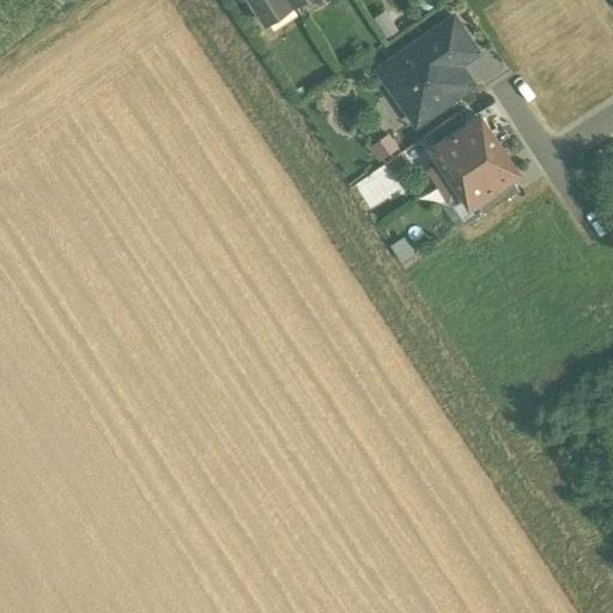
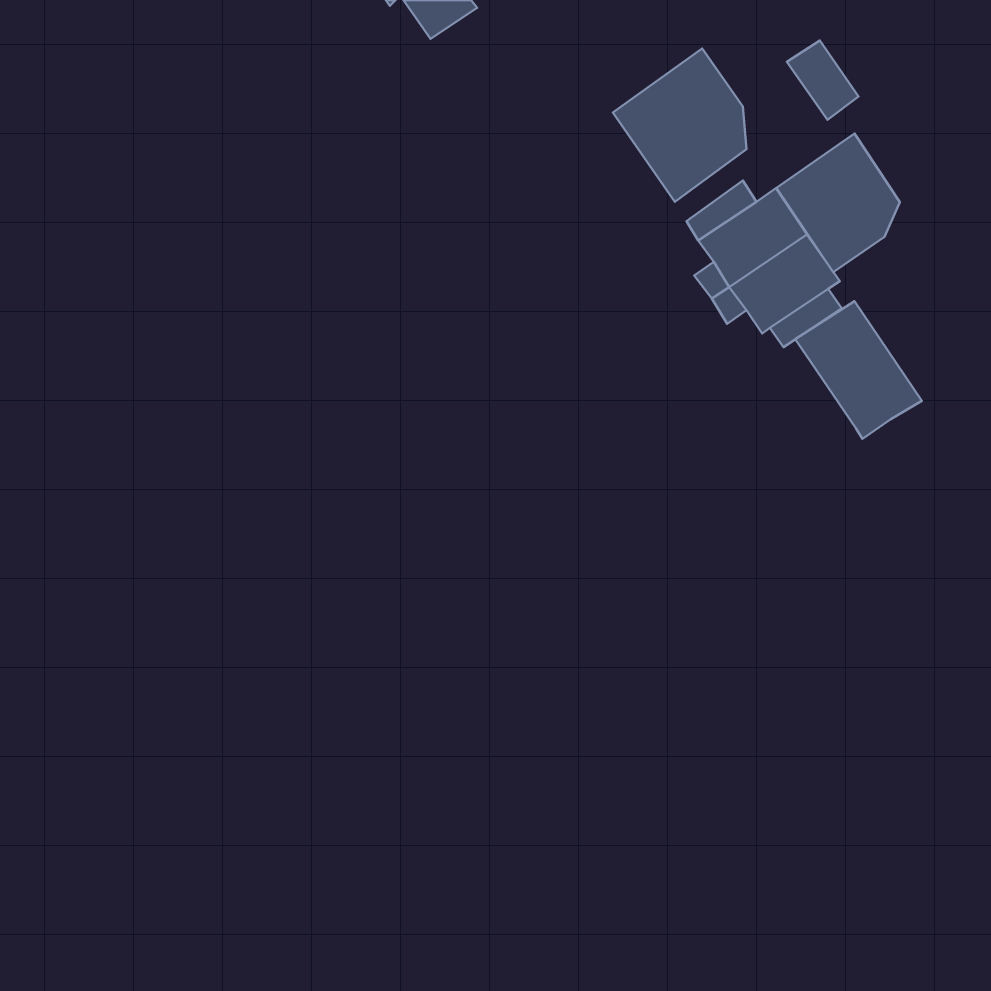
building: [433,17,478,66] -> [787,40,858,120]
building: none -> [776,134,900,272]
building: none -> [795,301,922,439]

